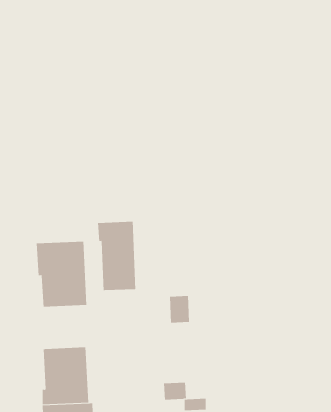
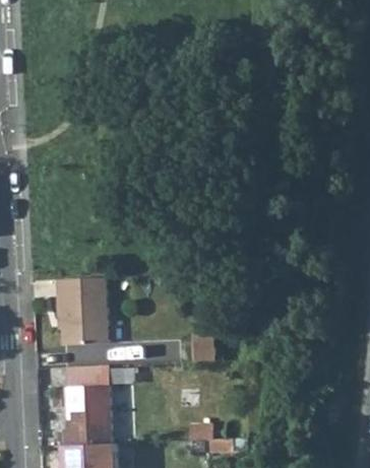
building: [98,221,136,291] -> none
building: none -> [63,365,106,388]

